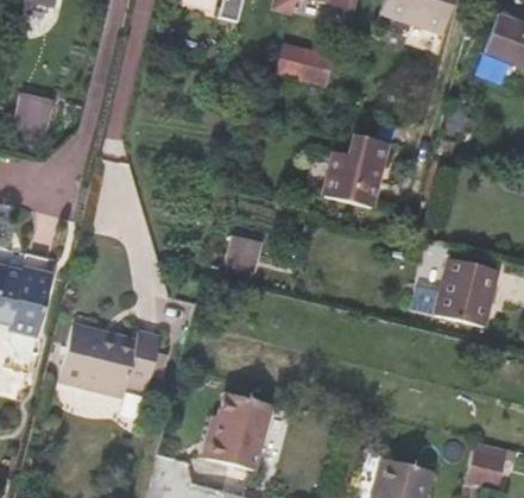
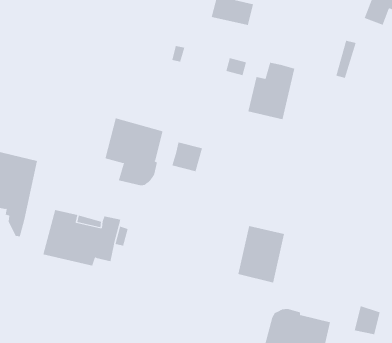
building: [13,93,55,135] -> none
building: none -> [105,117,163,186]
building: [417,258,500,328] -> none
building: [207,396,269,471] -> [237,226,285,283]

